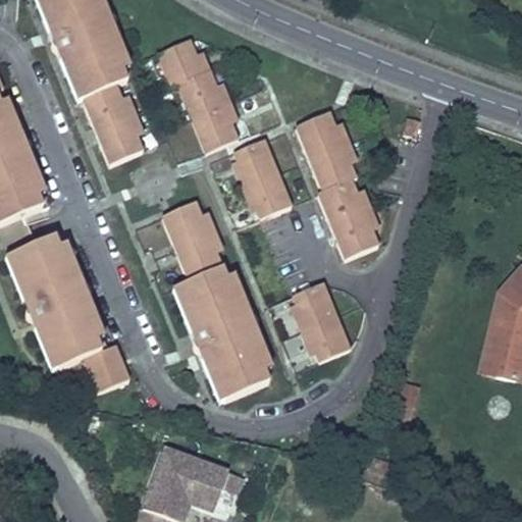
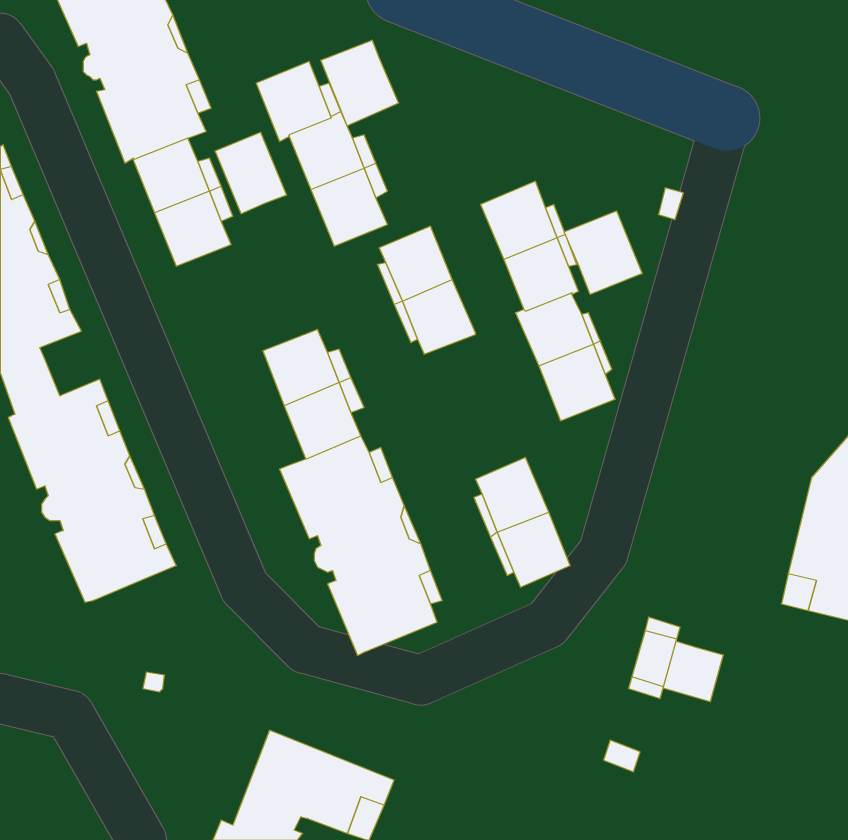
building: none -> [321,40,398,126]
building: none -> [215,132,286,214]
building: none -> [564,211,642,294]
building: [85,344,129,392] -> none
building: none -> [663,641,723,702]

